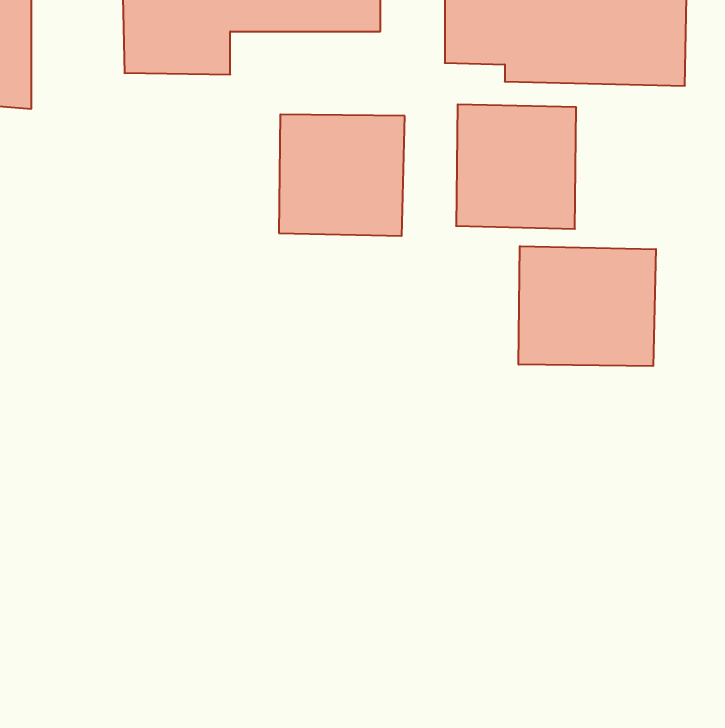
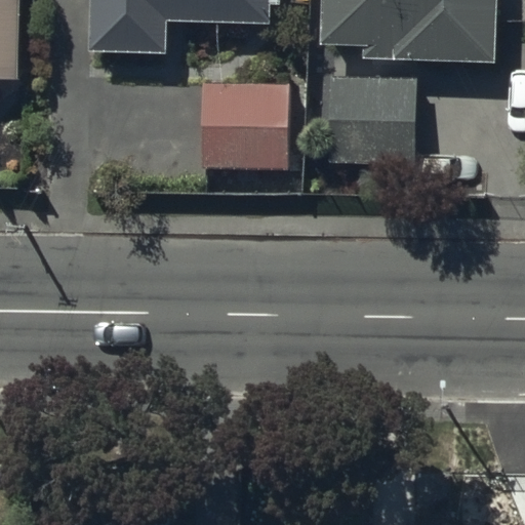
building: [519,246,656,366] -> none

